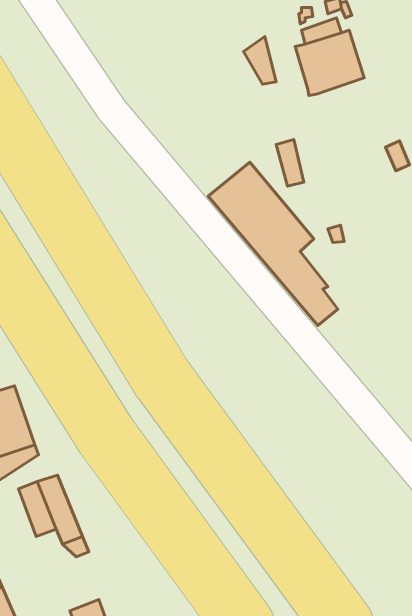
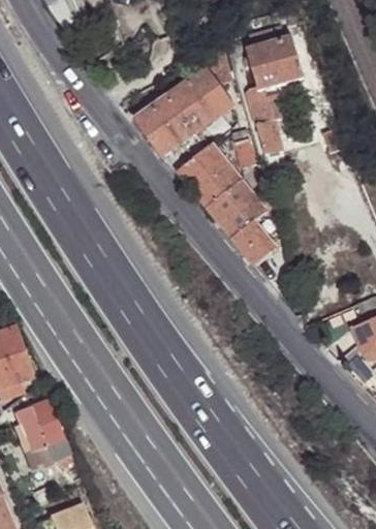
building: none -> [134,66,230,155]
building: none -> [245,84,281,154]

